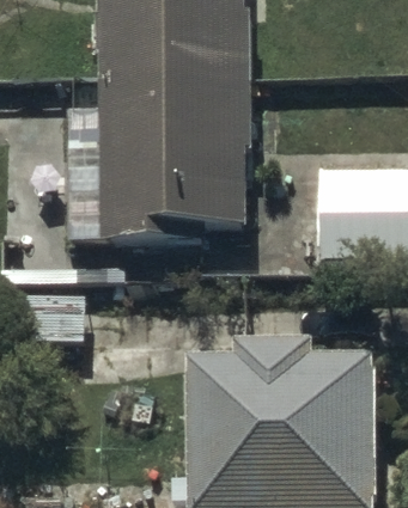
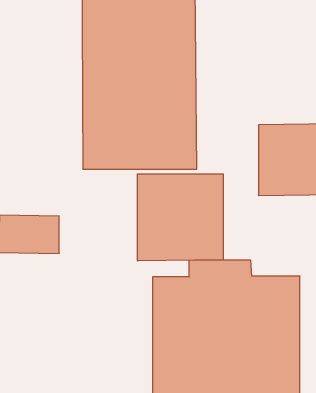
building: none -> [138,174,223,261]

